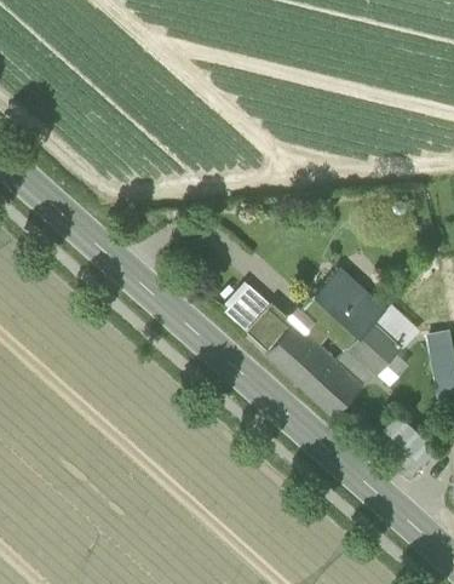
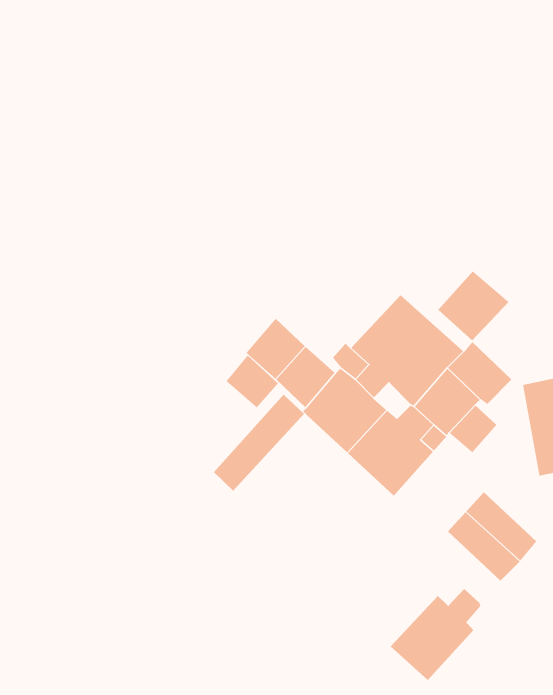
building: none -> [438,270,509,341]
building: none -> [225,355,279,409]
building: none -> [213,394,305,491]
building: none -> [390,588,482,681]

